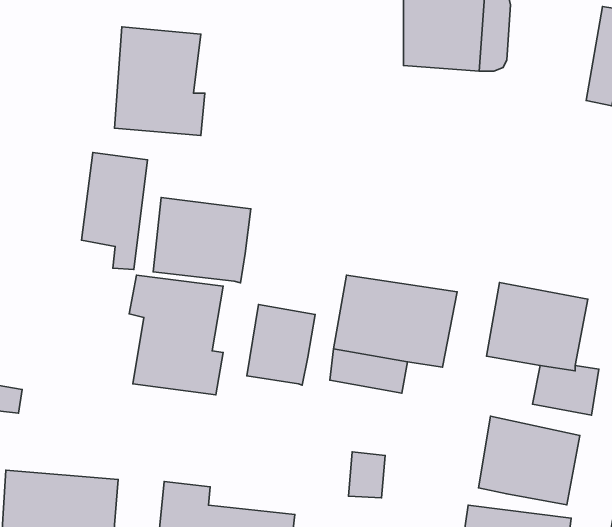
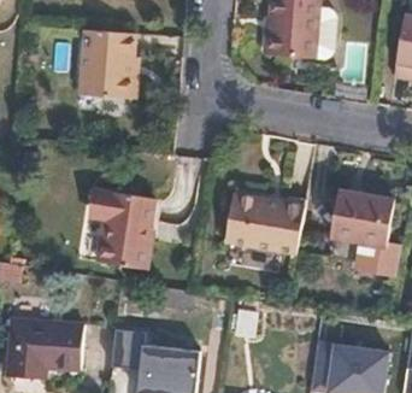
building: [82,152,148,269] -> none
building: [153,198,251,283] -> none
building: [247,305,315,385] -> none
building: [478,416,580,505] -> none

